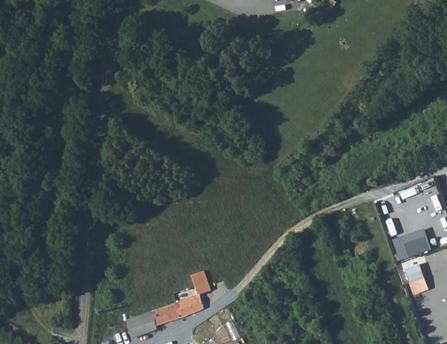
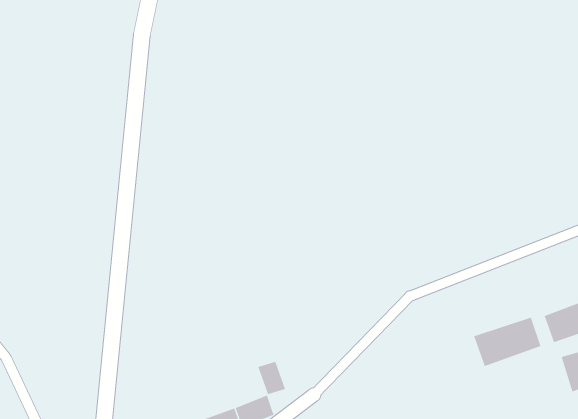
building: none -> [474,317,541,367]

